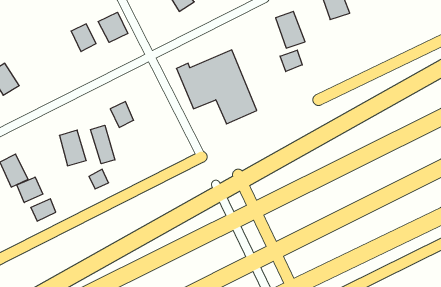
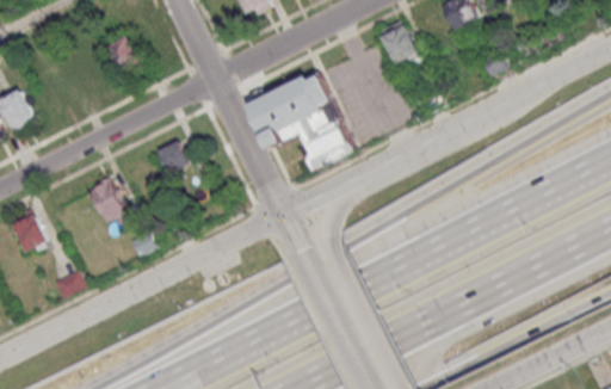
building: [98,12,128,42] -> none
building: [280,50,302,72] -> none
building: [90,125,115,164] -> none
building: [17,177,43,203] -> none

